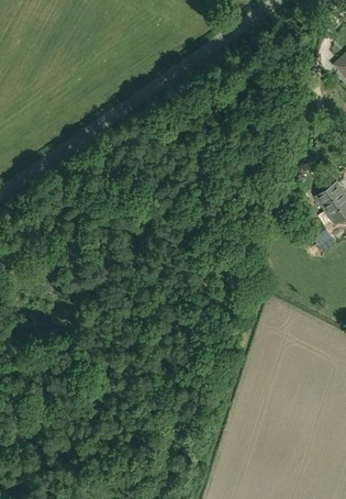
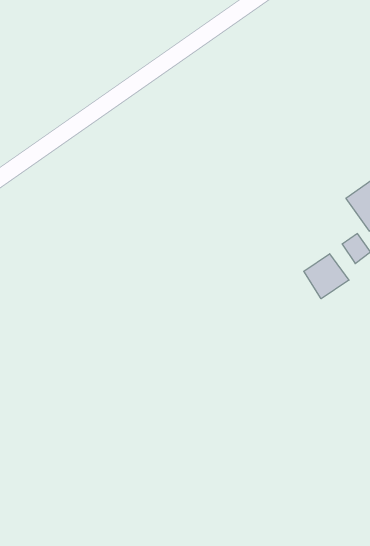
building: none -> [304,254,349,299]

